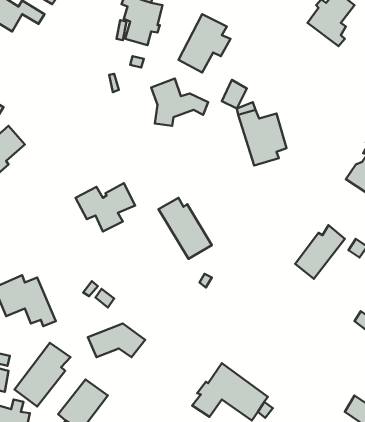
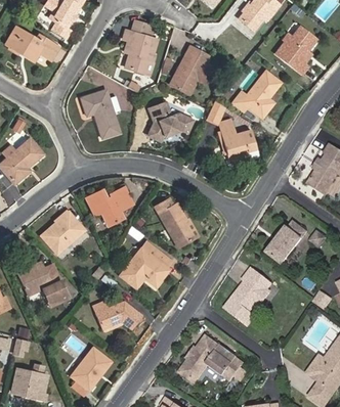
building: none -> [232,70,281,118]
building: none -> [81,89,121,138]
building: none -> [41,211,85,254]
building: none -> [120,241,172,287]
building: none -> [224,267,272,325]
building: [14,343,70,407] -> none

